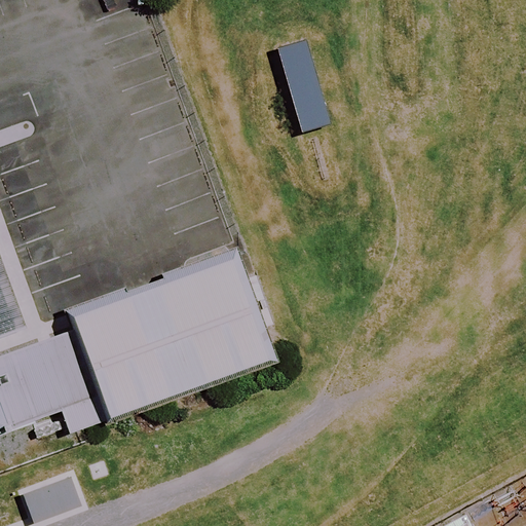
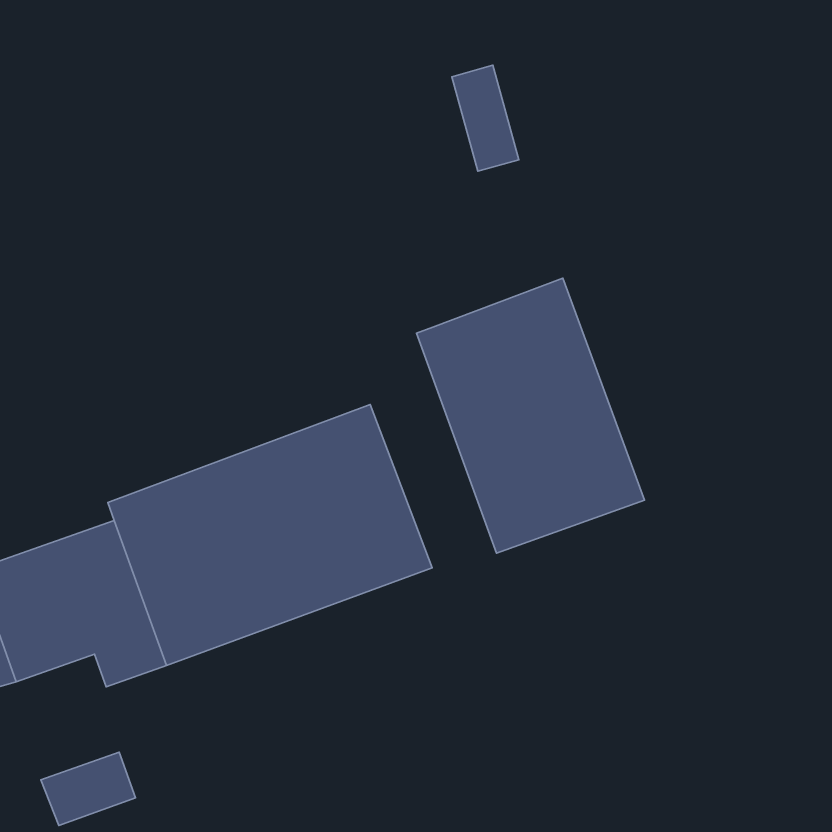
building: none -> [417,278,645,553]

